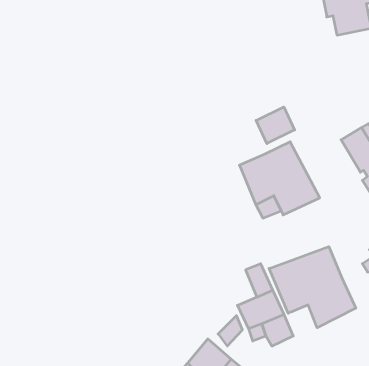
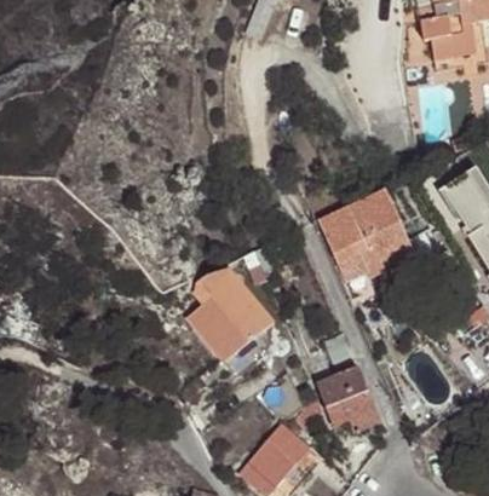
building: [256,107,295,144] -> none
building: none -> [189,247,274,361]
building: [269,247,356,328] -> none

